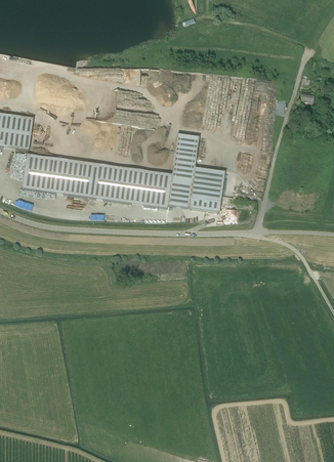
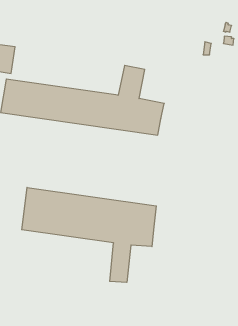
building: none -> [22,187,156,282]

